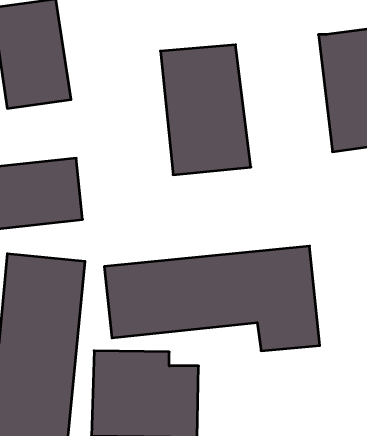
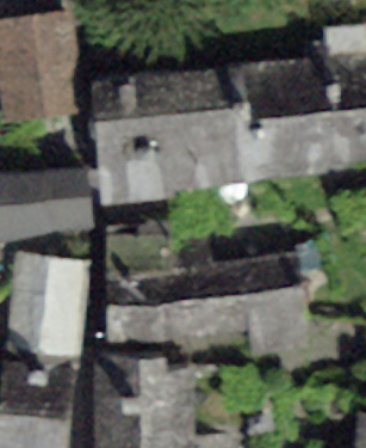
building: none -> [227,57,317,182]
building: none -> [89,73,169,203]

